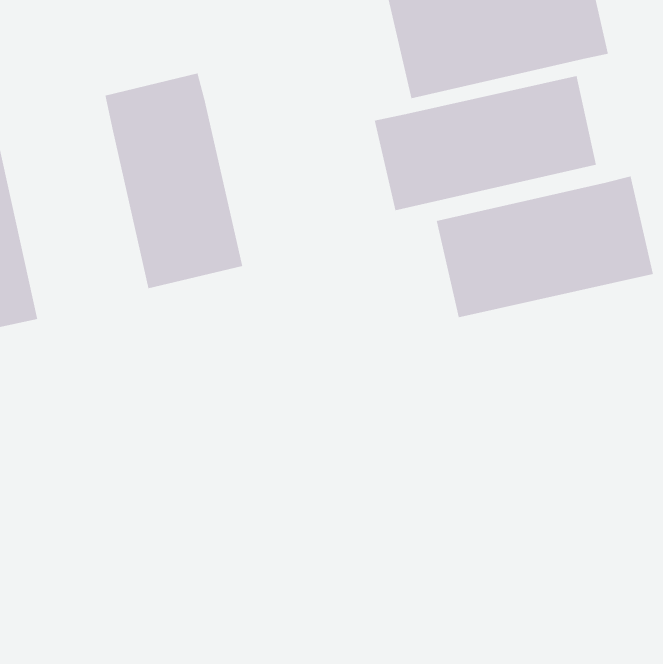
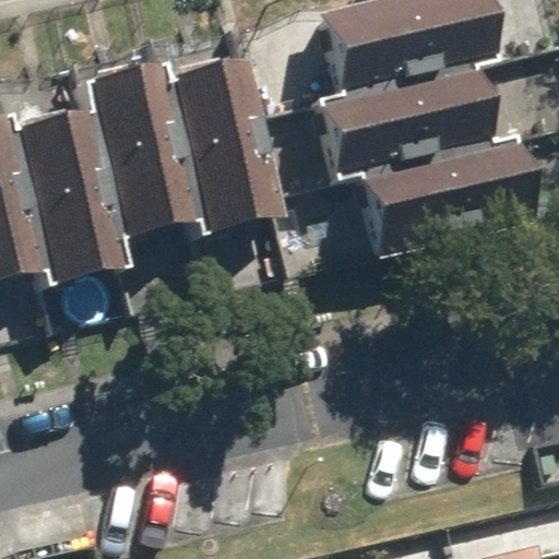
building: none -> [175,47,290,217]
building: none -> [4,105,120,283]

